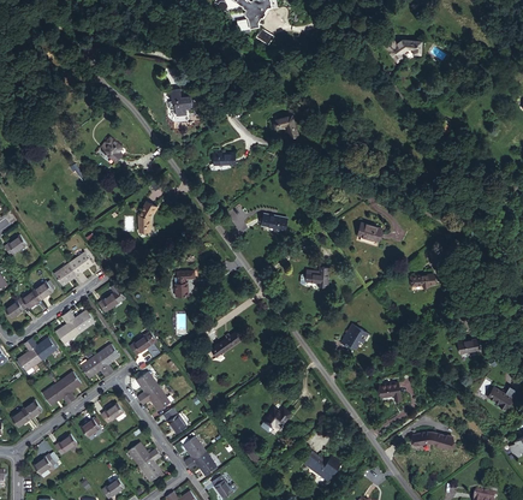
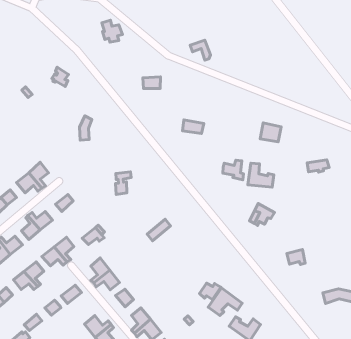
building: none -> [248,163,274,187]
building: none -> [208,288,242,316]

